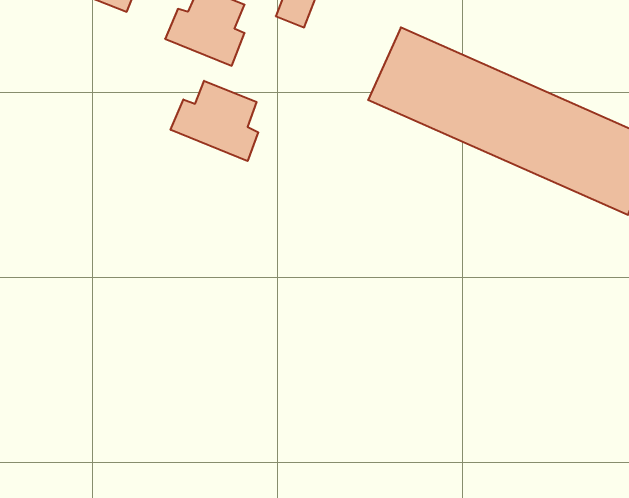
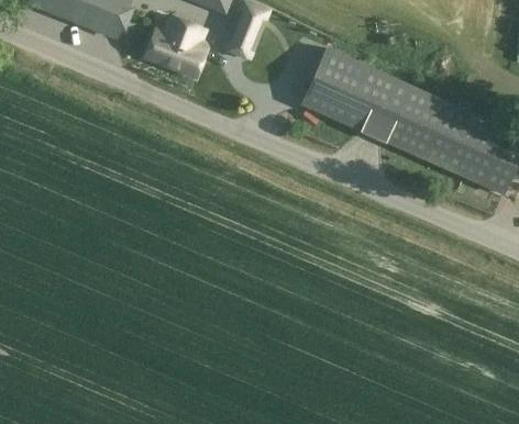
building: [171,81,258,161] -> none

